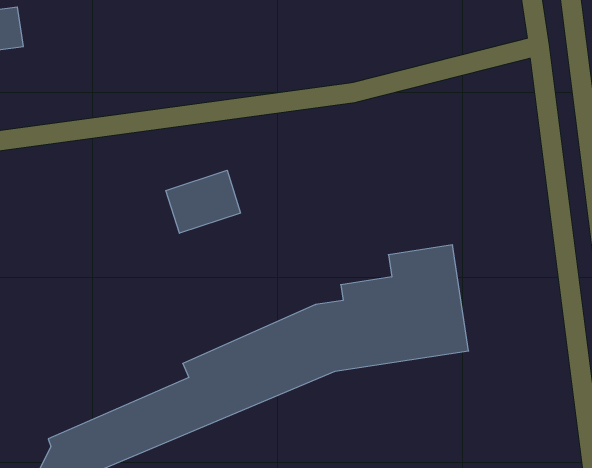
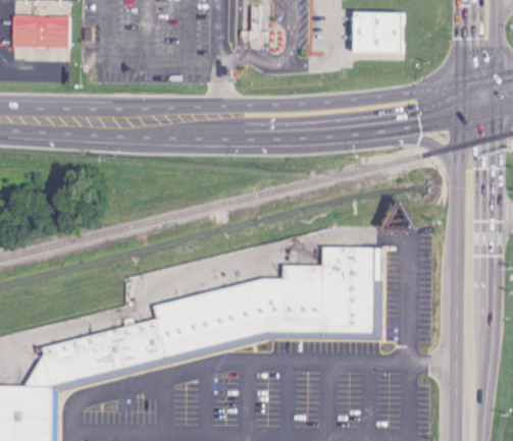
building: [166,170,241,233] -> none

